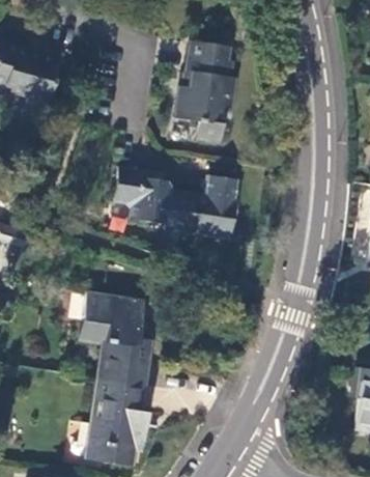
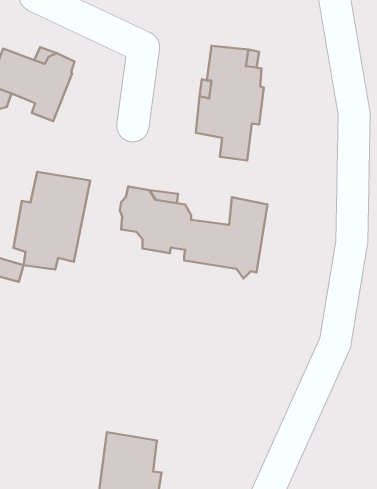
building: none -> [13,172,90,270]
building: [81,293,149,386] -> none

